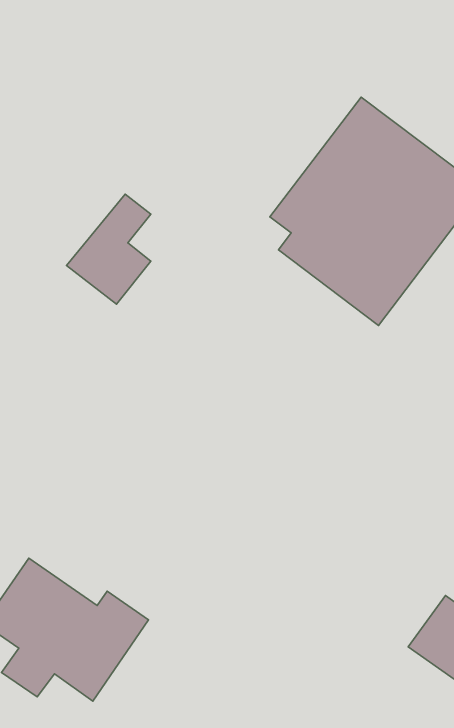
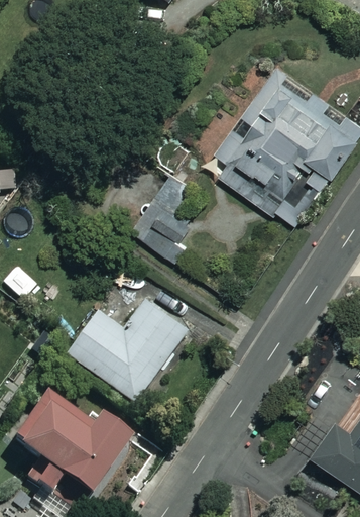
building: [67,194,151,304] -> [128,180,188,257]
building: none -> [69,298,188,400]

